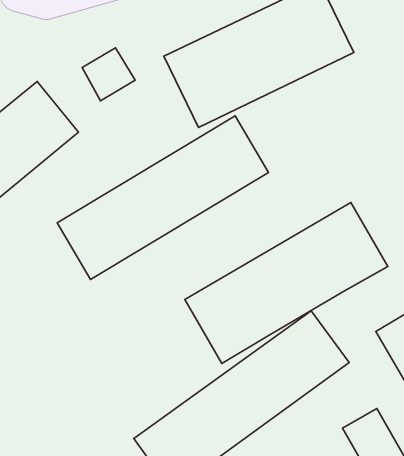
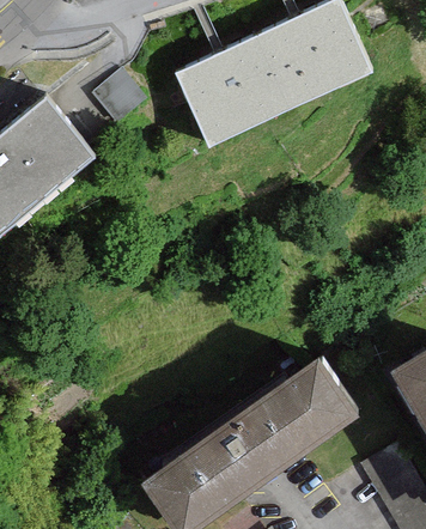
building: [57,116,269,279] -> none
building: [185,203,388,363] -> none

